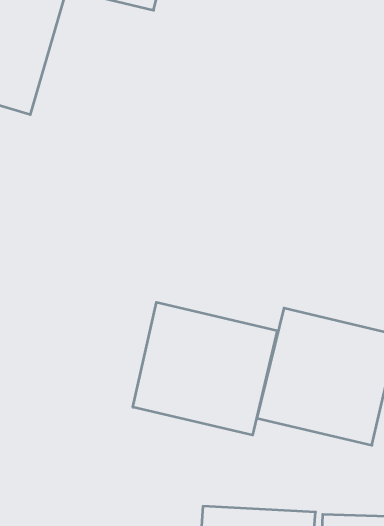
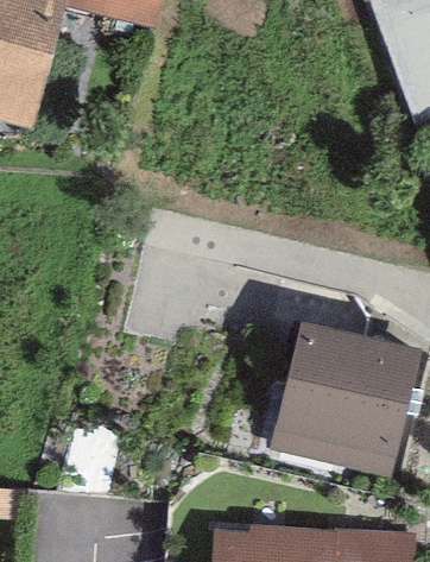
building: [133,302,277,435] -> none

